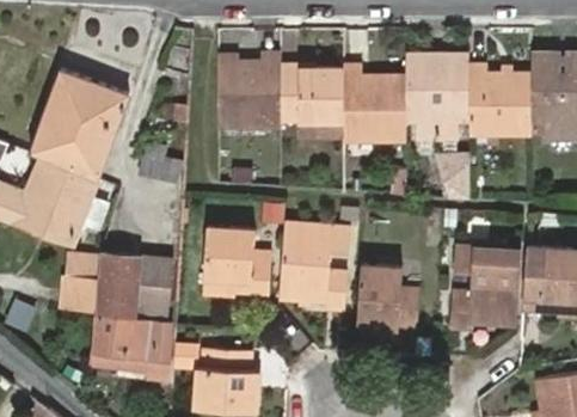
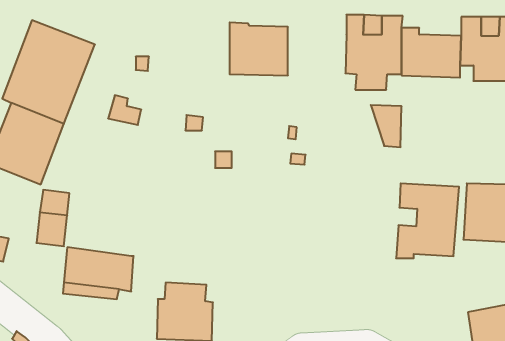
building: [215,56,276,129] -> none
building: [338,70,403,143] -> none
building: [204,229,270,295] -> none
building: [276,231,346,313] -> none
building: [100,252,174,320] -> none
building: [355,269,417,331] -> none

